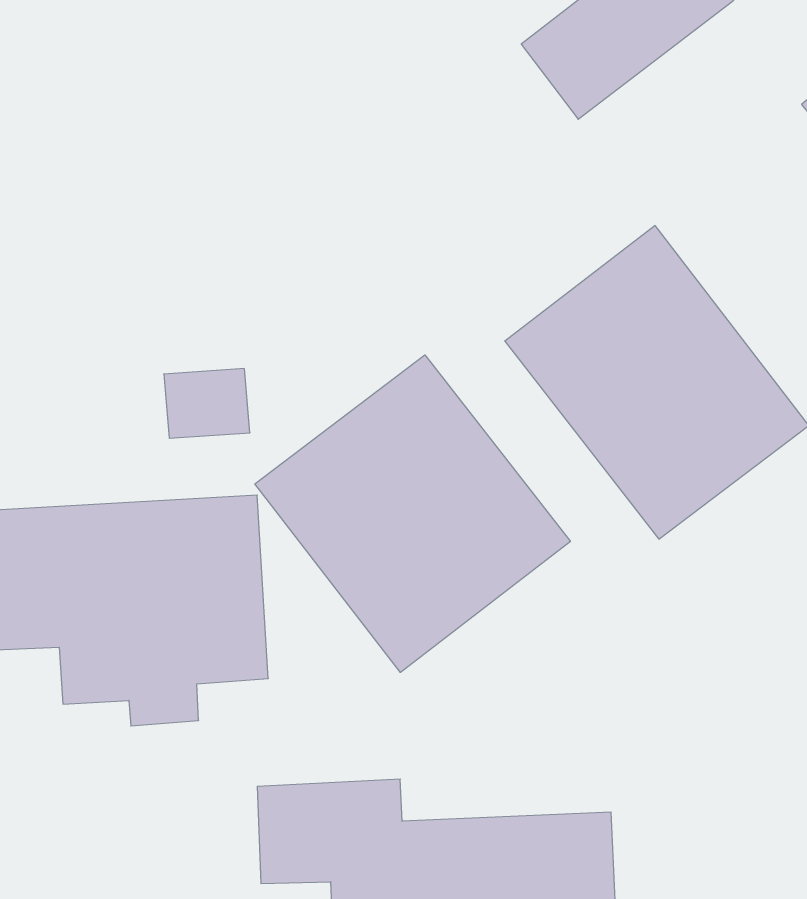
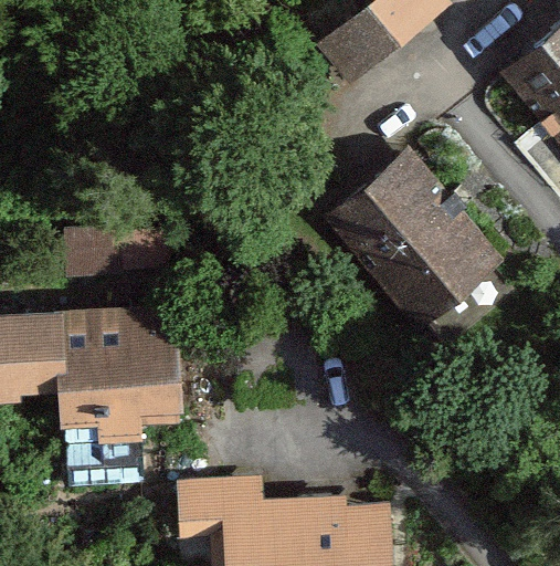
building: [255,355,570,672] -> none

